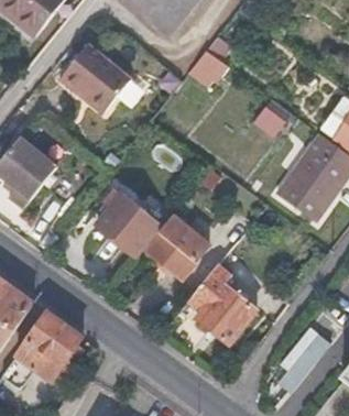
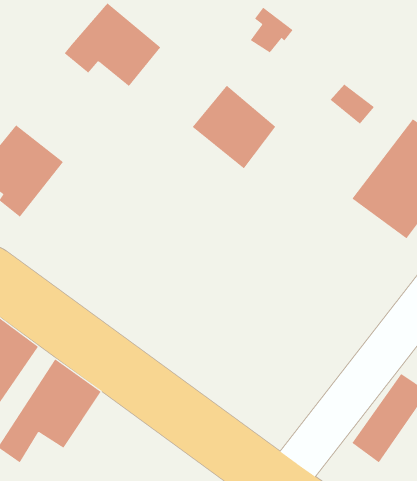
building: [96,191,160,255] -> [192,85,276,169]
building: [148,215,208,280] -> none
building: [187,267,255,344] -> none

